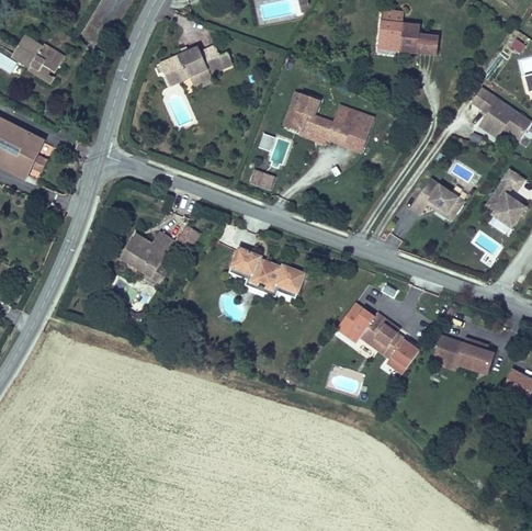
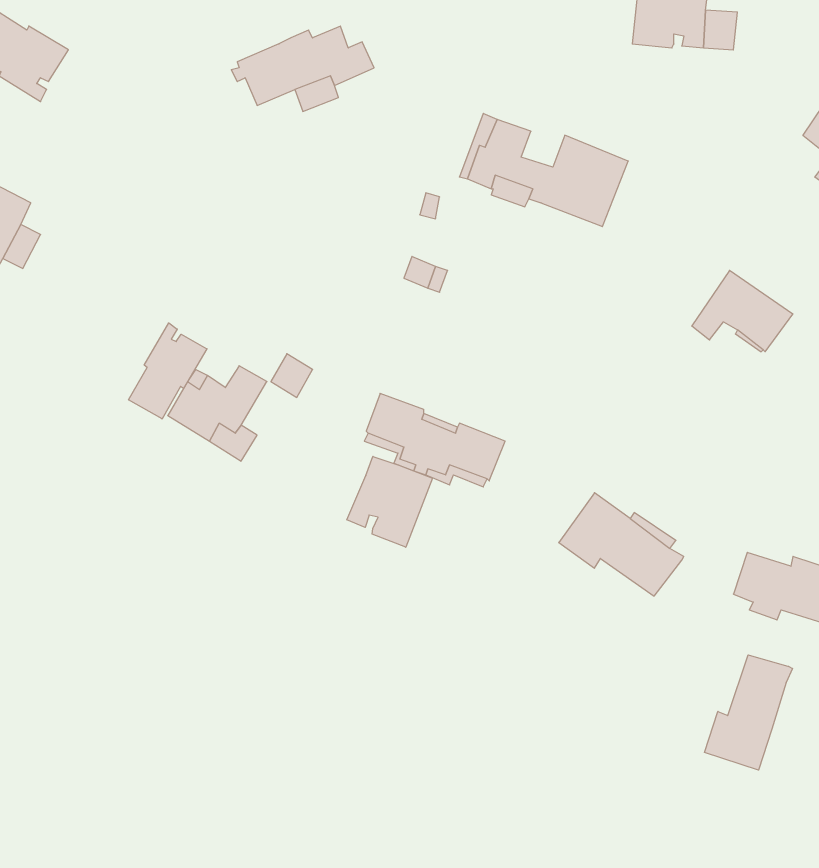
building: none -> [129,323,207,419]
building: none -> [347,456,432,547]
building: [385,337,419,372] -> none
building: none -> [705,655,792,770]

